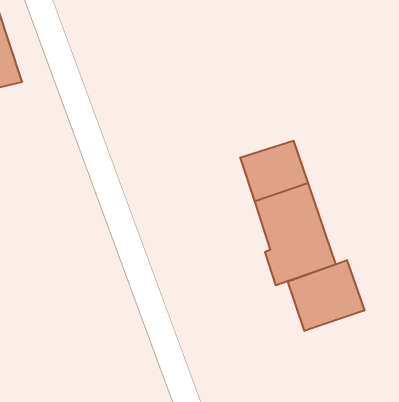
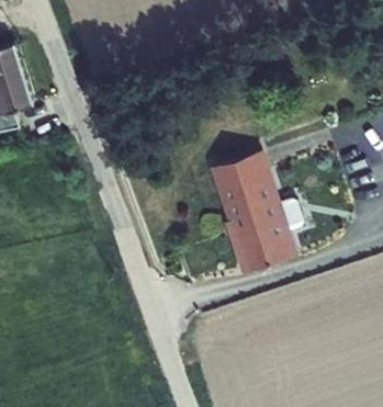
building: [288,260,364,331] -> none

